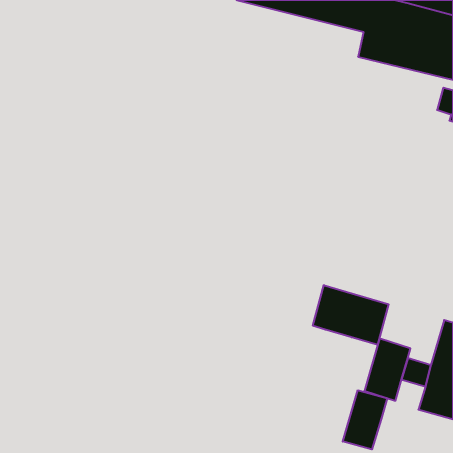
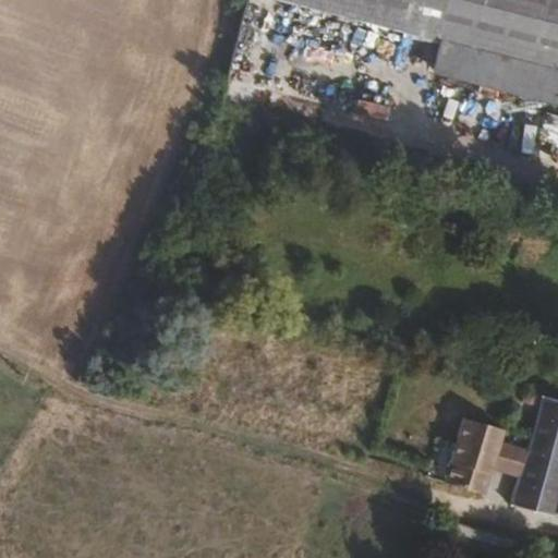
building: [313,285,389,345] -> none
building: [343,390,387,449] -> none

